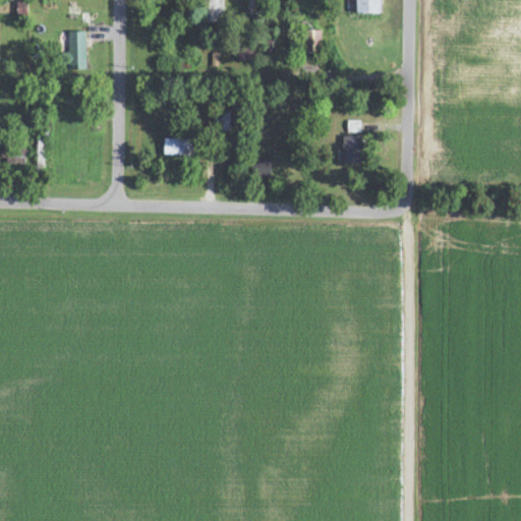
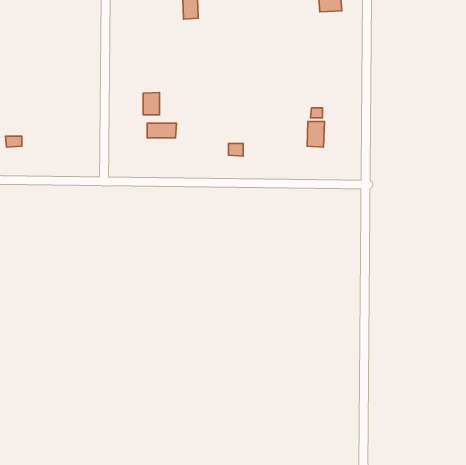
building: [70,31,86,69] -> none
building: none -> [143,92,159,115]

